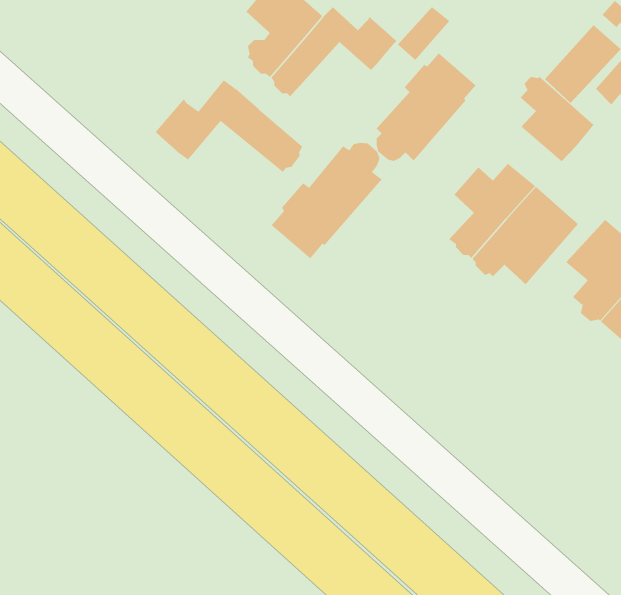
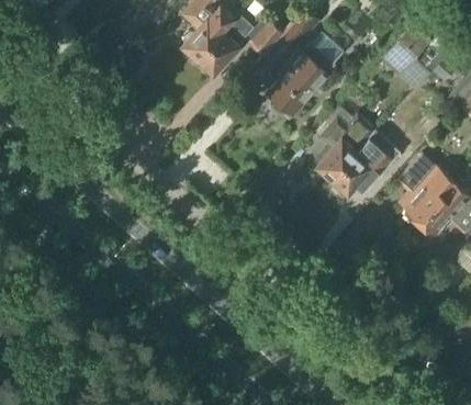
building: [520,76,594,162] -> none
building: [155,79,303,173] -> none
building: [271,142,382,259] -> none

